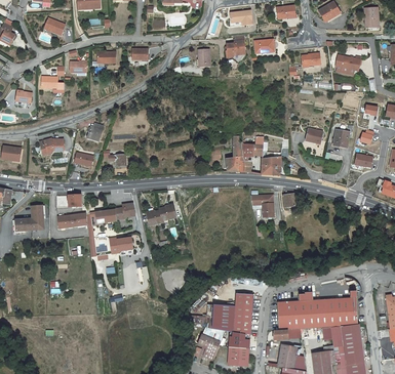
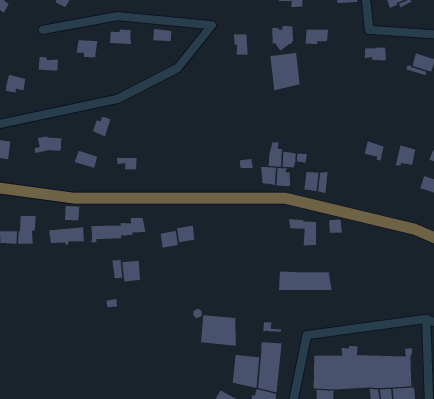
building: none -> [270,52,300,91]
building: none -> [278,271,332,291]
building: none -> [200,314,237,346]

